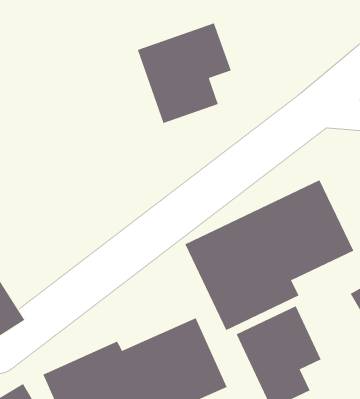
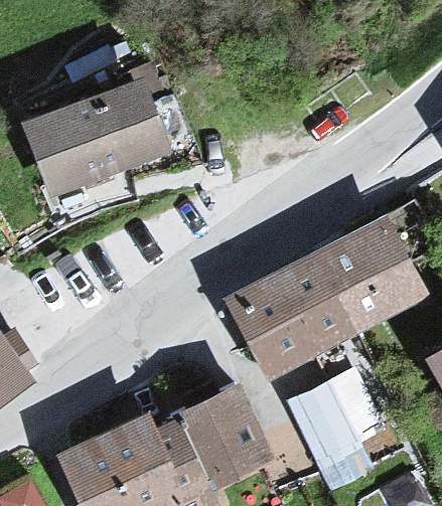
building: [137,22,231,124] -> none
building: none -> [24,80,171,196]

